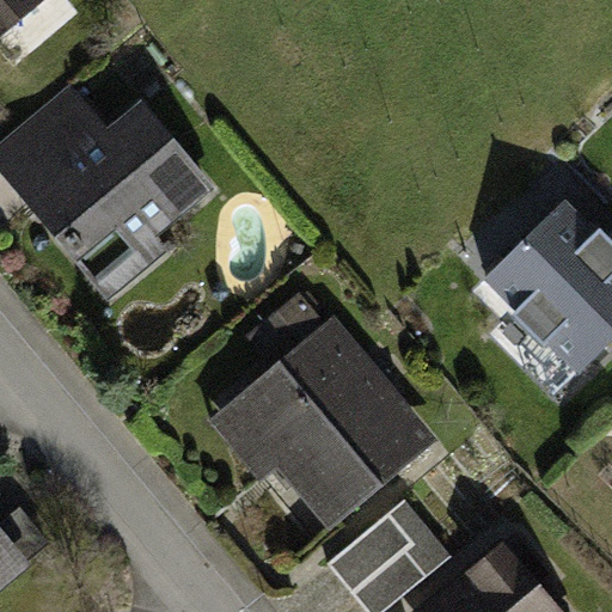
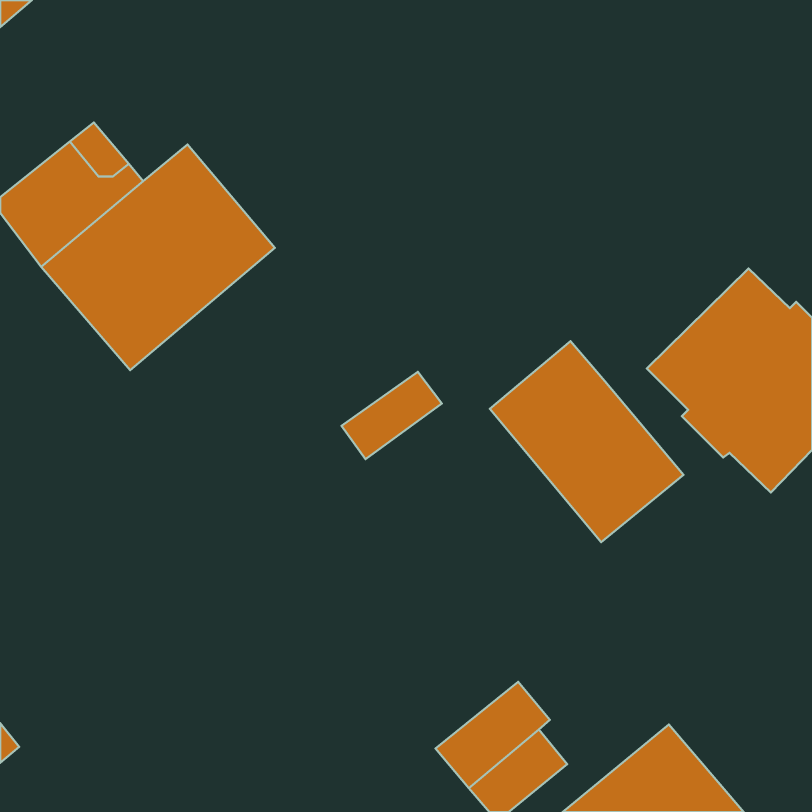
building: none -> [490,341,683,542]
building: [227,325,426,519] -> none

